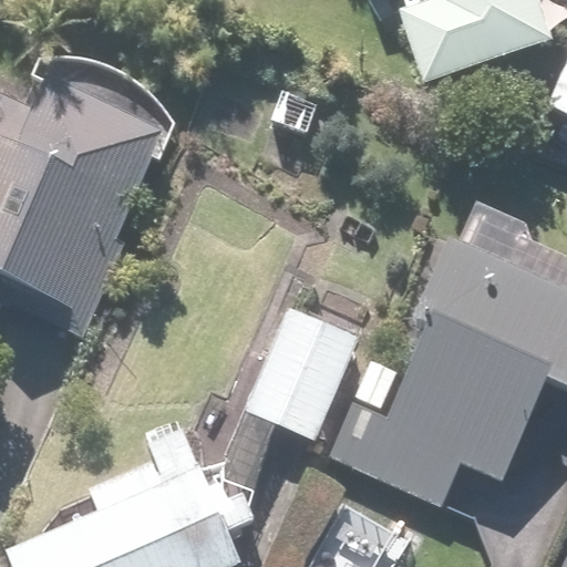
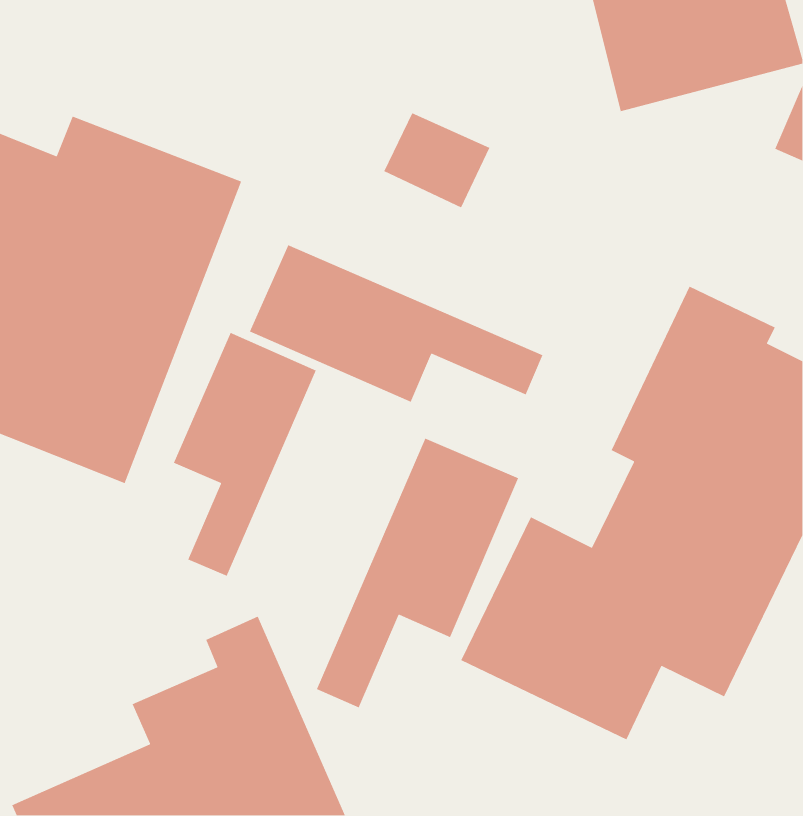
building: none -> [249,244,543,403]
building: none -> [173,332,317,577]

